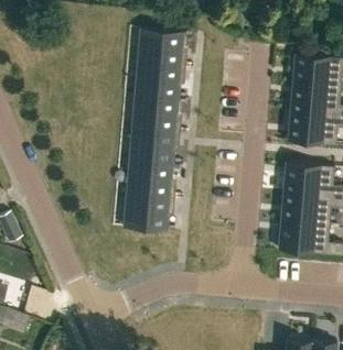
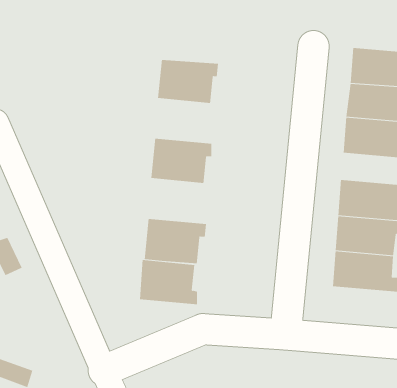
building: [137,30,185,67] -> none
building: [131,96,180,133] -> none
building: [126,162,174,199] -> [139,260,198,305]

